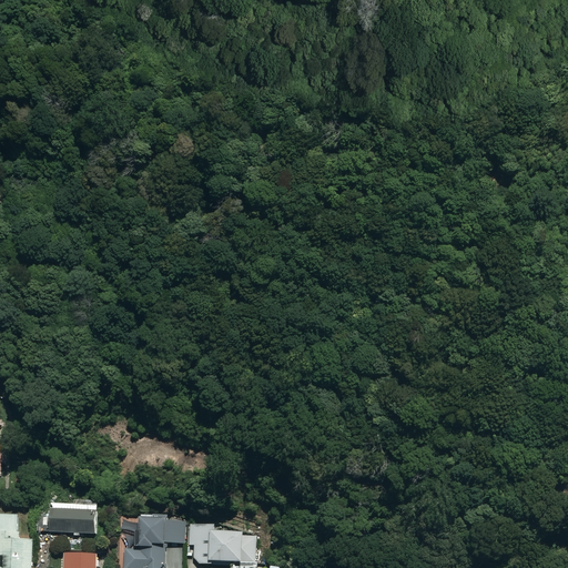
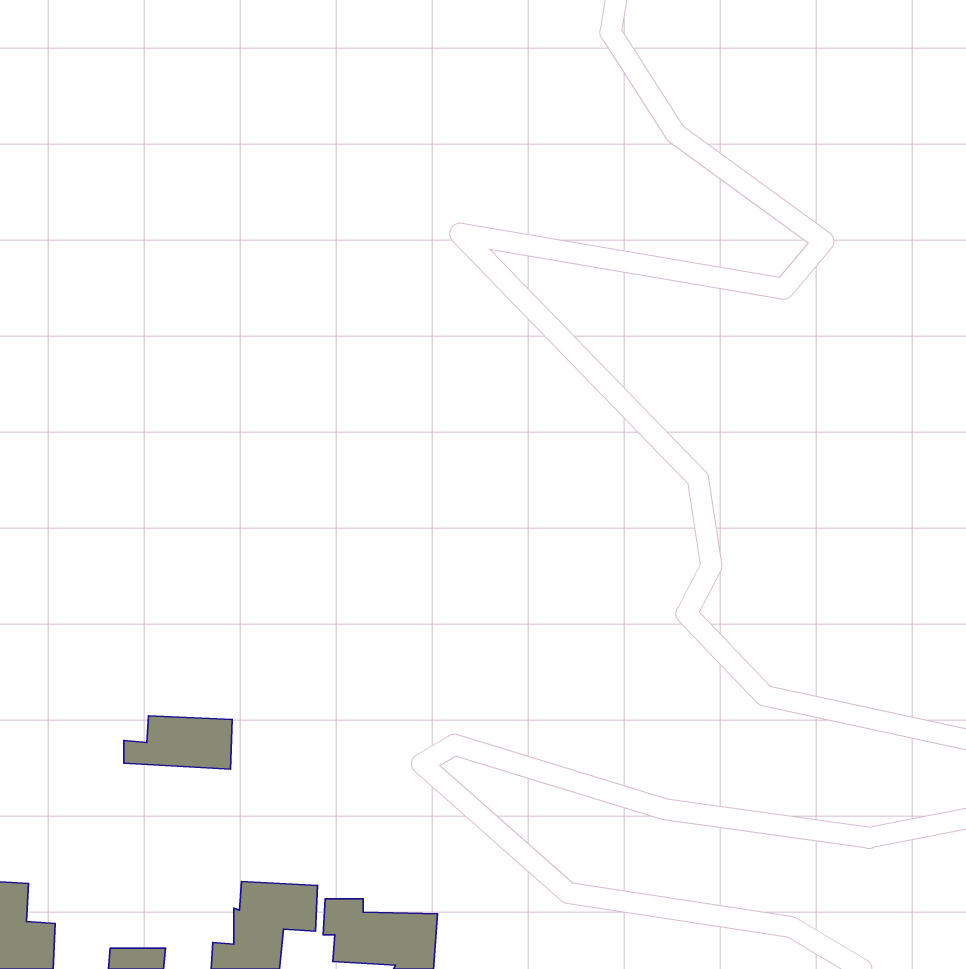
building: [37,504,100,535] -> [124,716,232,769]

